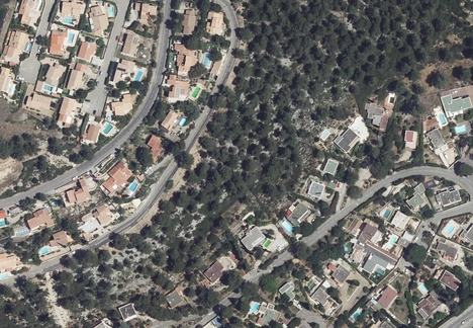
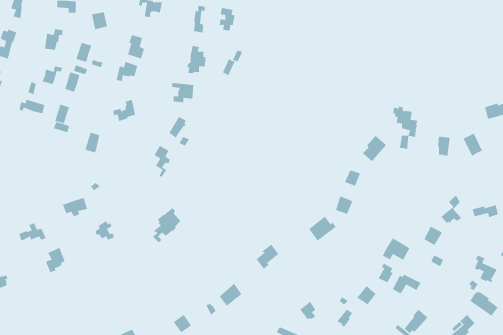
building: [106,160,132,192] -> [152,207,181,243]

